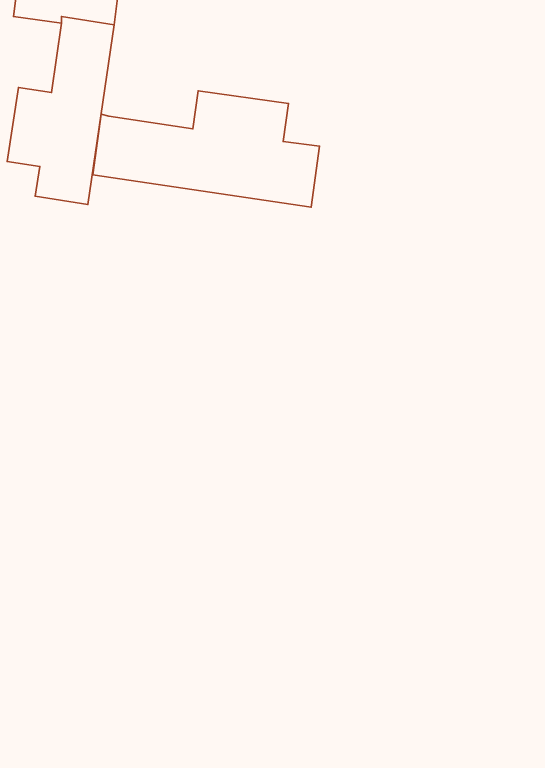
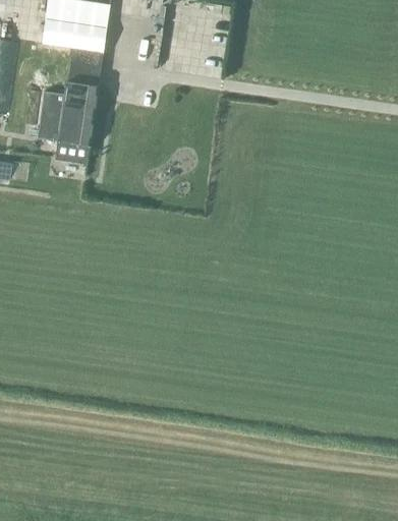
building: [93,91,320,207] -> none

